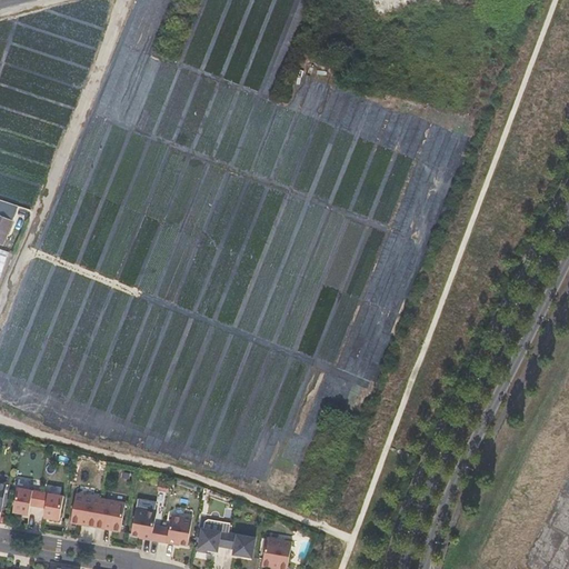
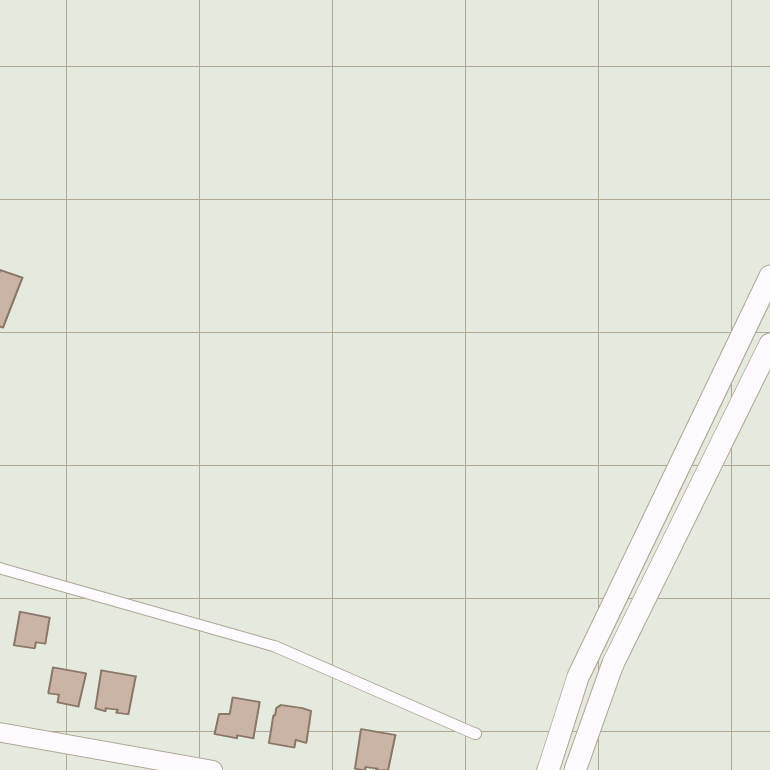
building: [12,487,39,513] -> [14,612,50,648]
building: [94,498,124,530] -> none
building: [130,507,161,540] -> none
building: [226,532,254,557] -> none

